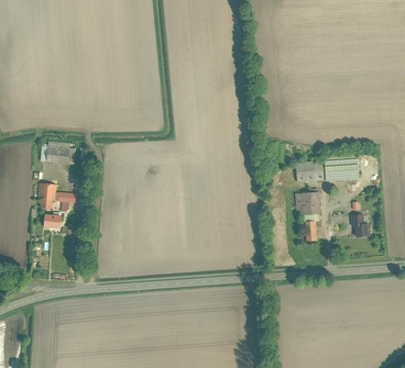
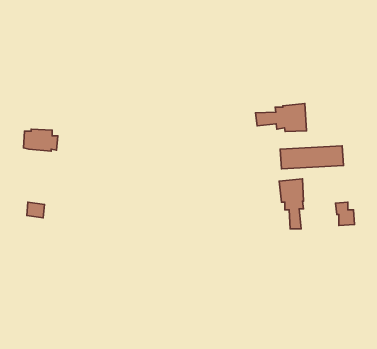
building: none -> [255,103,306,132]
building: [39,183,76,211] -> none

